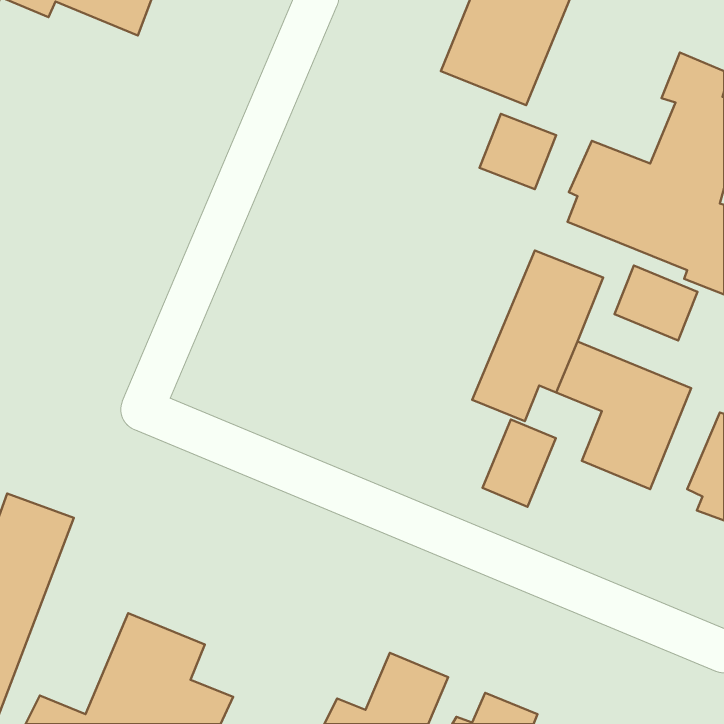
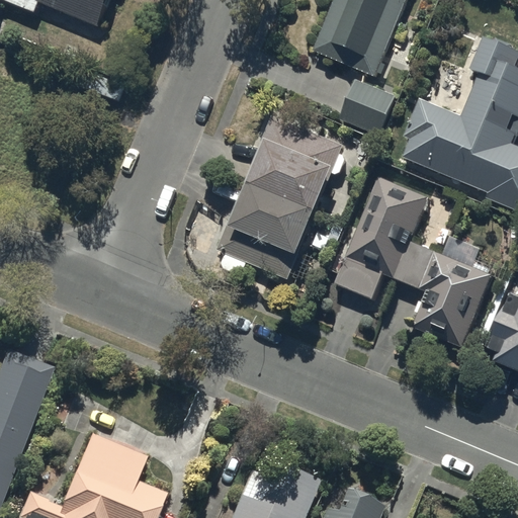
building: none -> [219,117,343,279]
building: [614,265,698,340] -> none
building: [483,419,556,507] -> none

